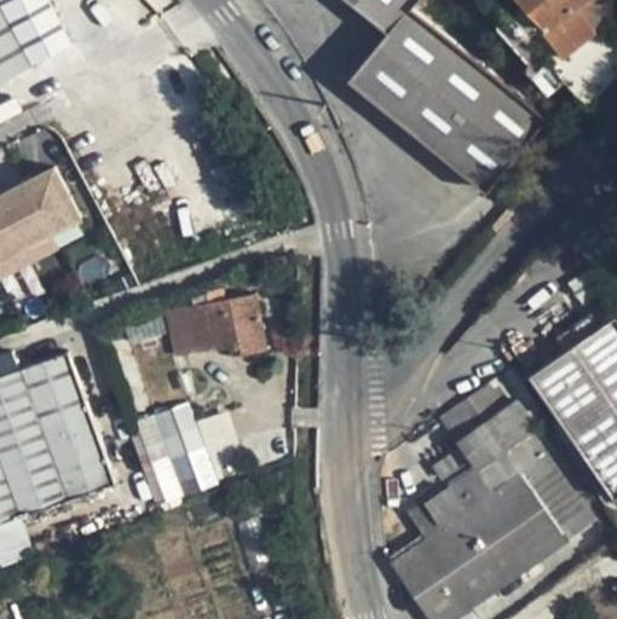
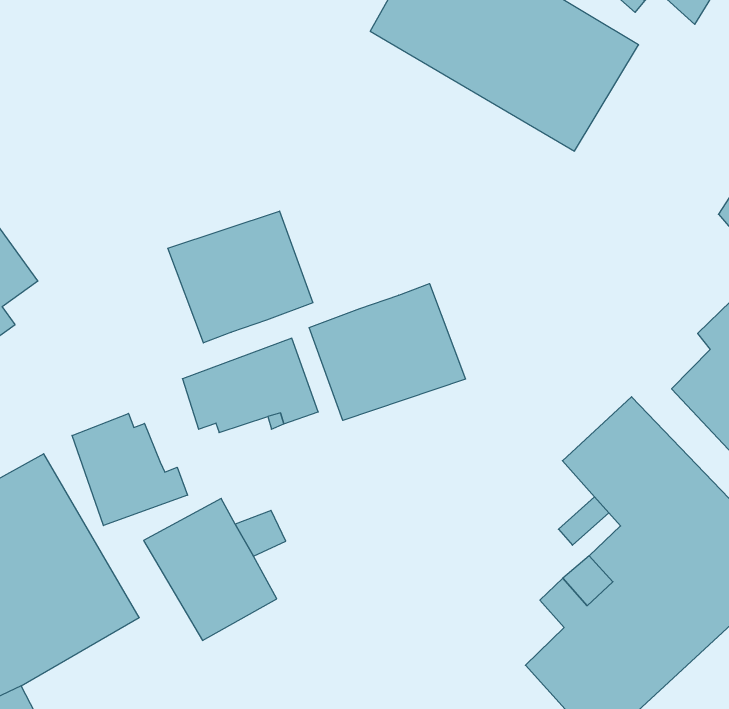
building: none -> [168,211,313,343]
building: none -> [309,284,465,420]
building: none -> [72,413,188,526]

